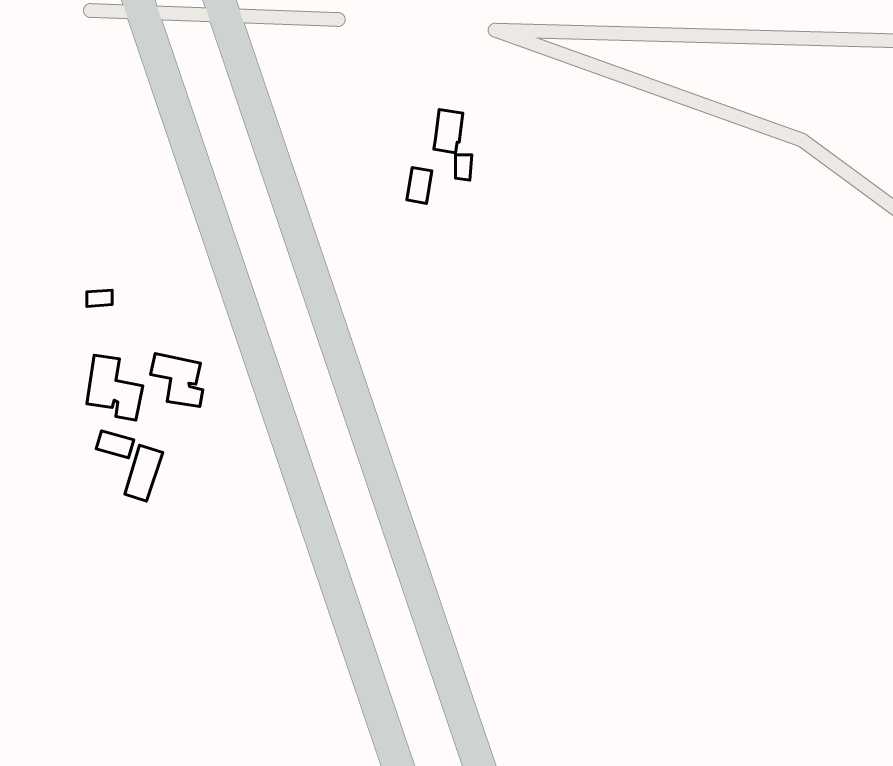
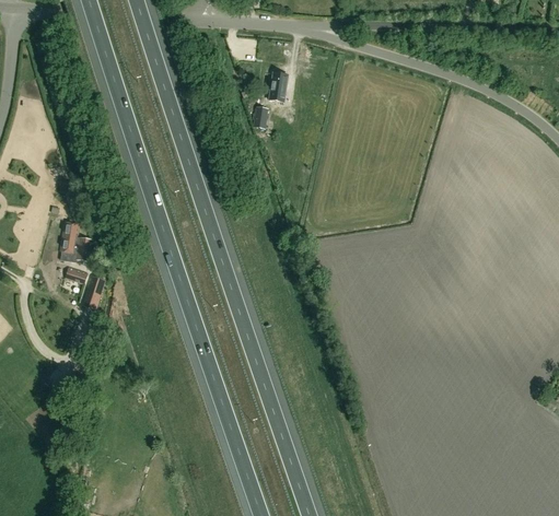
building: [150,353,203,406] -> none

